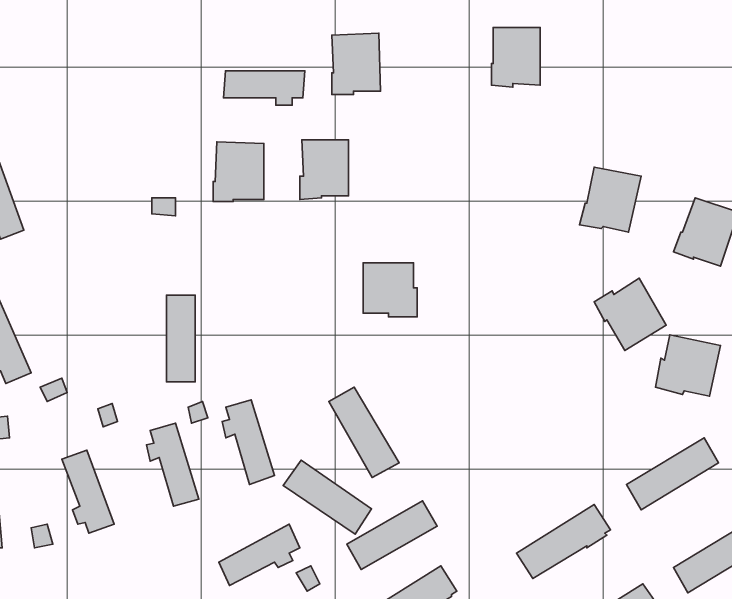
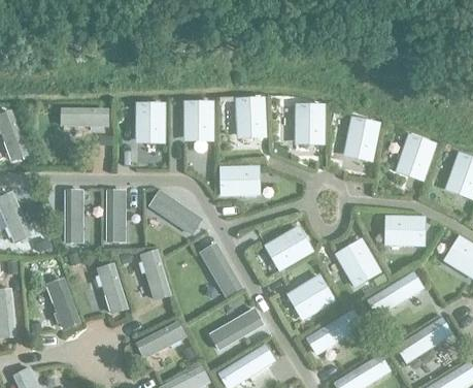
building: [491,28,540,87] -> [295,105,323,139]
building: [332,33,381,95] -> [236,98,264,133]
building: [224,71,305,105] -> [61,109,107,129]
building: [594,278,666,350] -> [337,244,378,285]
building: none -> [65,190,81,240]
building: none -> [268,227,311,266]
building: none -> [290,276,333,316]
building: [283,460,372,534] -> [149,191,200,233]

